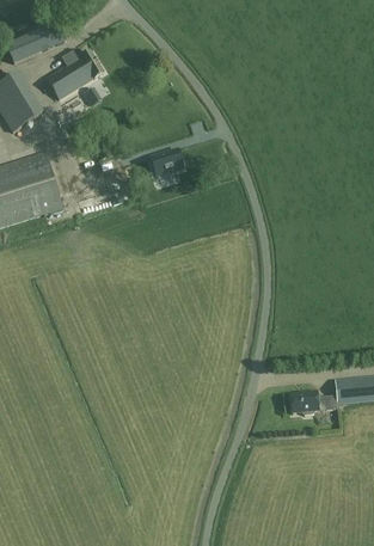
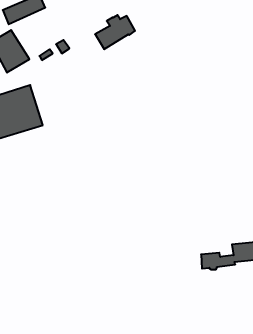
building: [44,49,102,98] -> [95,15,135,49]
building: [149,148,183,174] -> none

